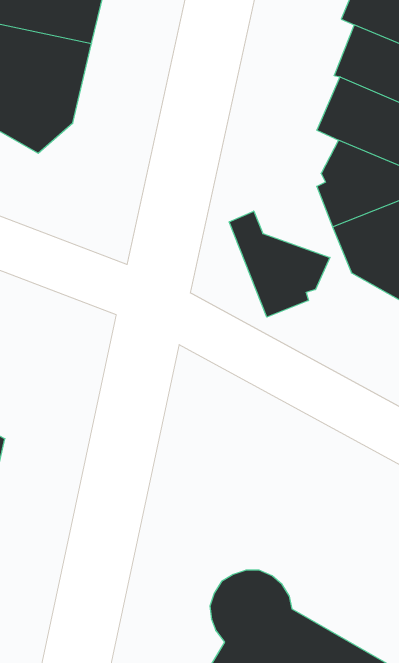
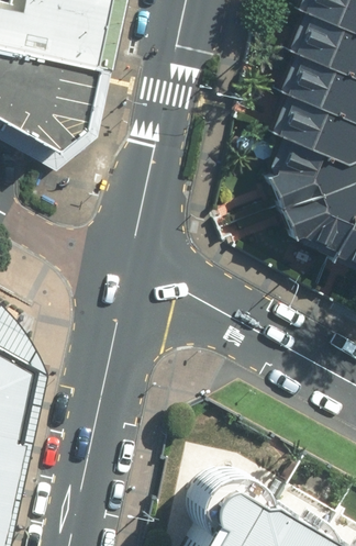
building: [229,211,330,317] -> none

